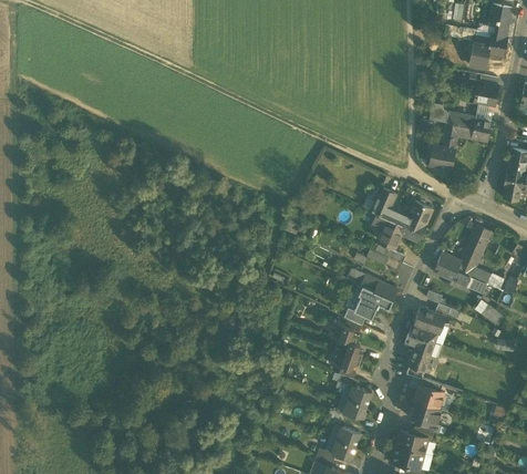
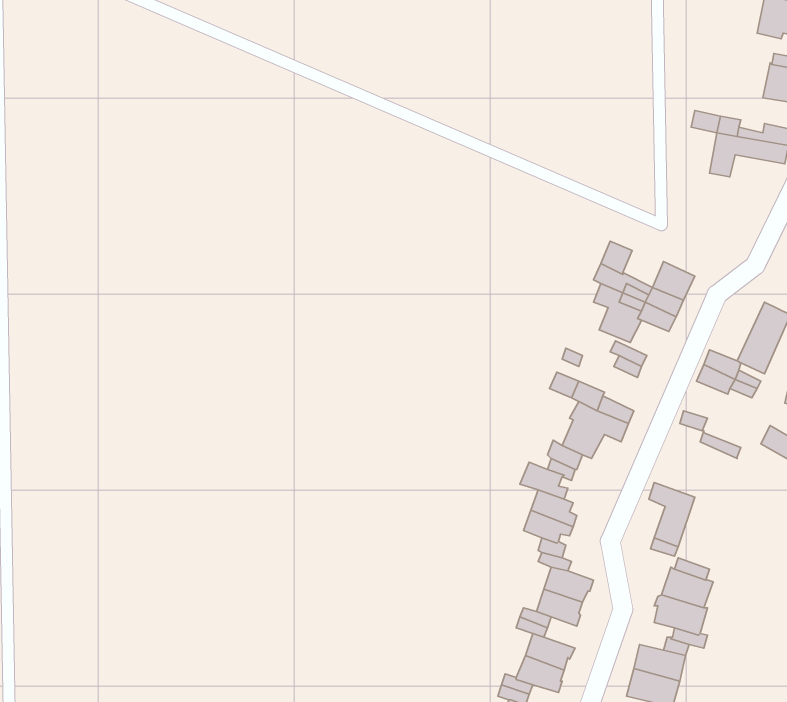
building: [428,145,454,168] -> none
building: [409,308,443,342] -> none

